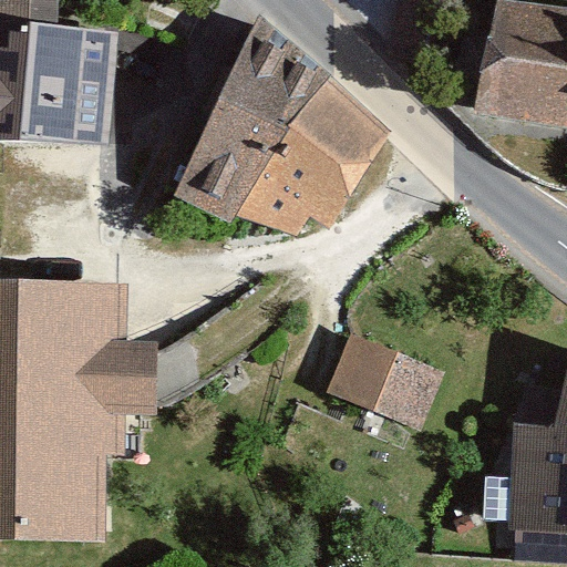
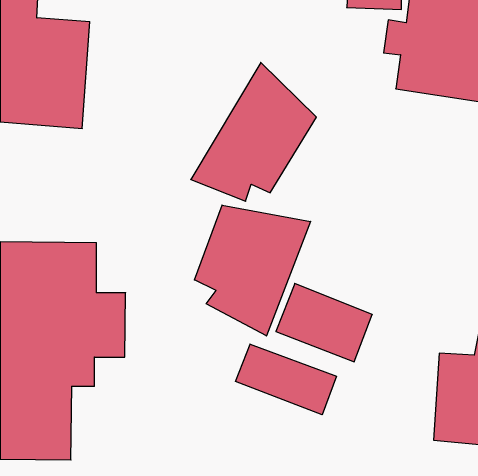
building: [159,14,311,223] -> none
building: none -> [194,205,311,336]
building: none -> [235,344,337,415]

